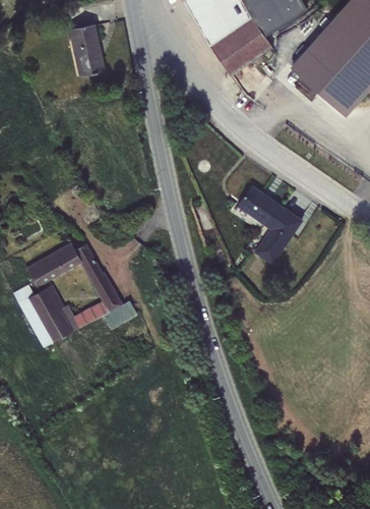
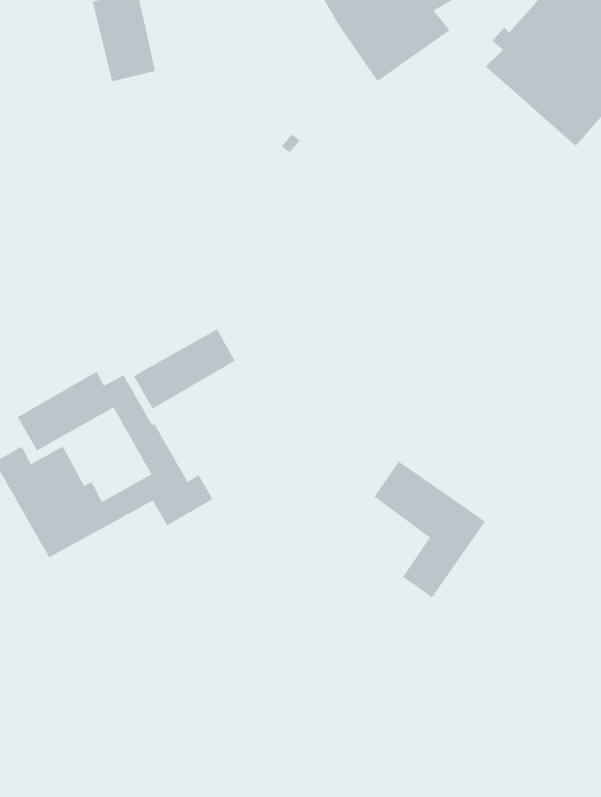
building: [238,185,302,264] -> [373,461,486,598]
building: none -> [133,328,235,410]

